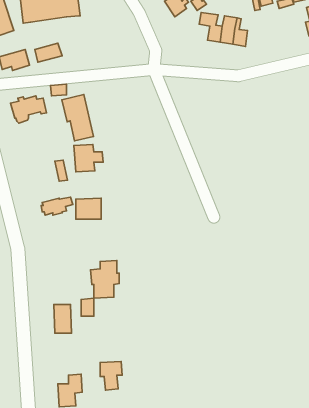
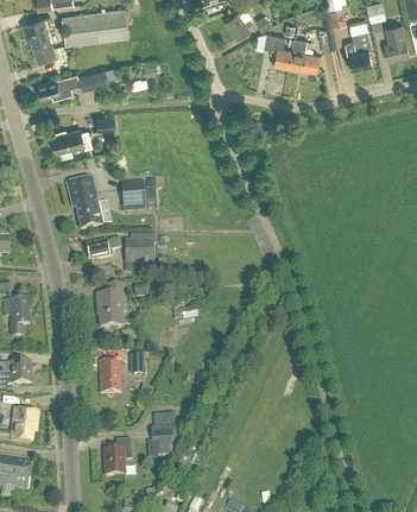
building: none -> [345,30,371,69]
building: [62,94,93,141] -> [65,179,101,232]
building: [91,260,119,298] -> [95,286,127,329]

